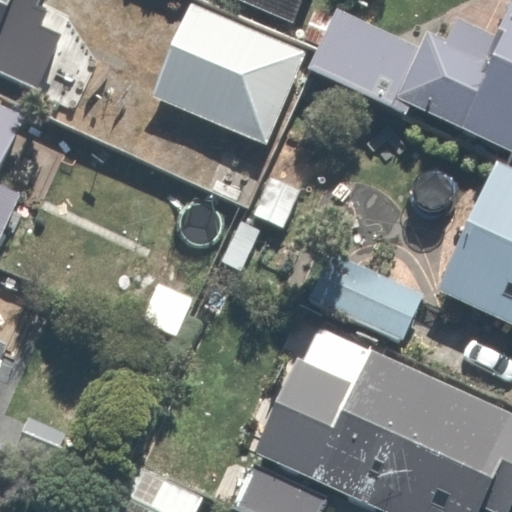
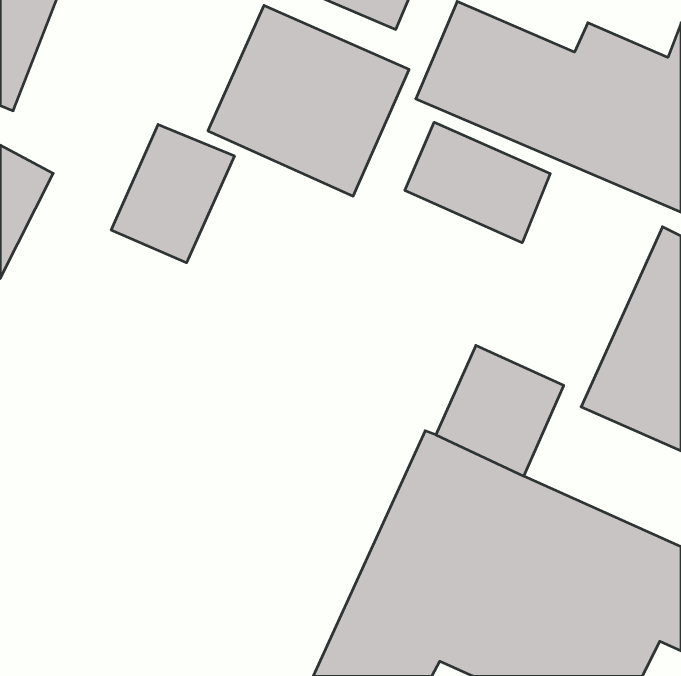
building: none -> [405,122,550,243]
building: none -> [111,124,234,263]

